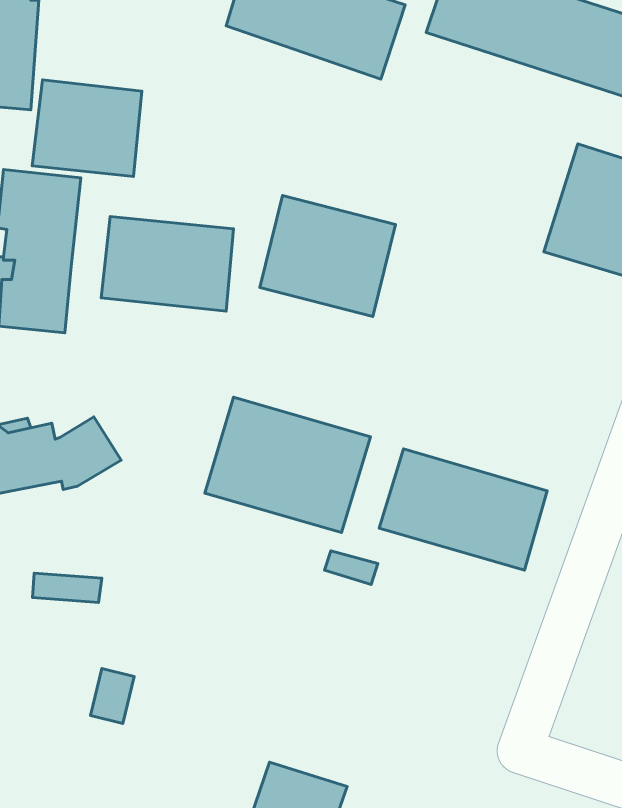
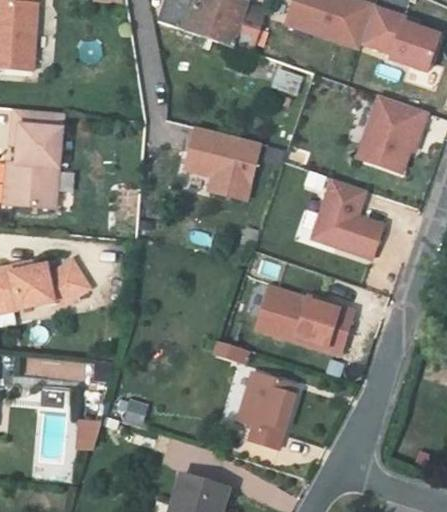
building: [32,80,142,176] -> none
building: [101,216,234,311] -> none
building: none -> [308,176,385,261]
building: [205,397,370,533] -> none
building: none -> [240,374,299,450]

